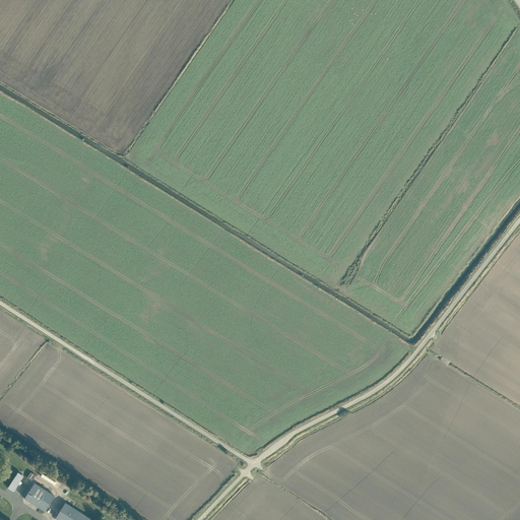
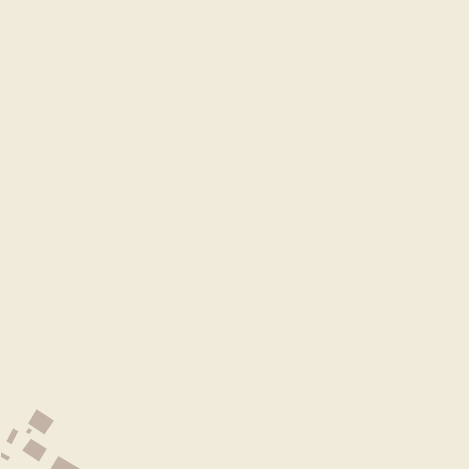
building: none -> [27,408,55,435]

